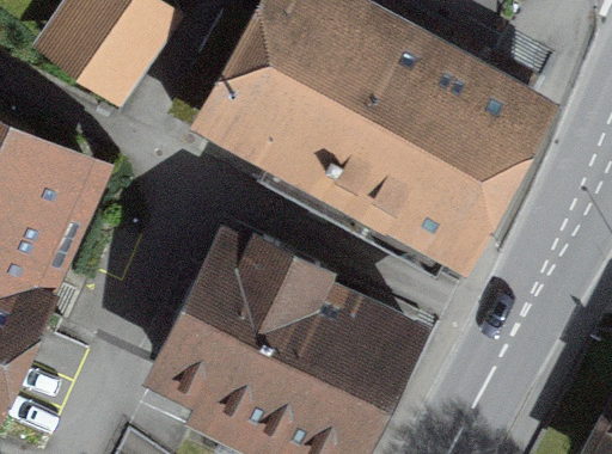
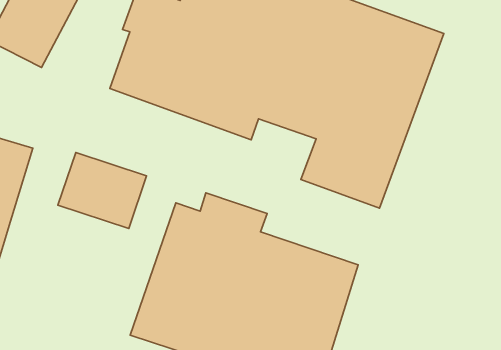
building: none -> [58,153,147,228]

